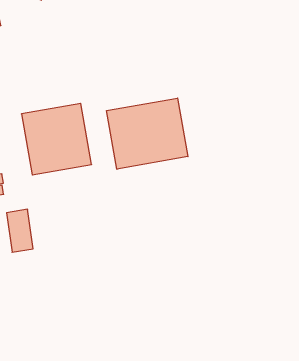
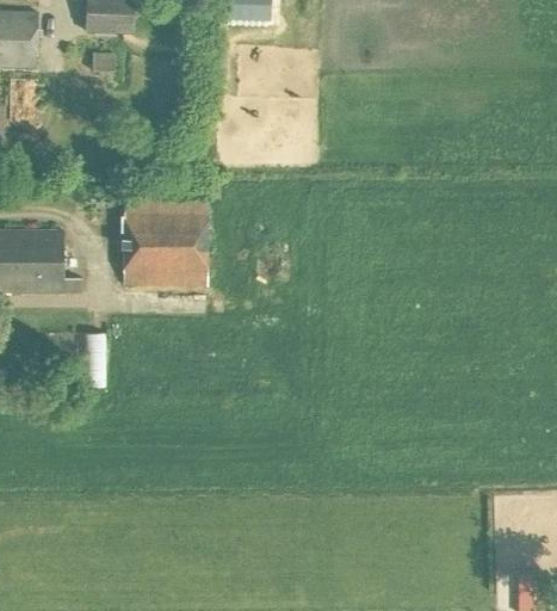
building: [107,98,188,169] -> none

